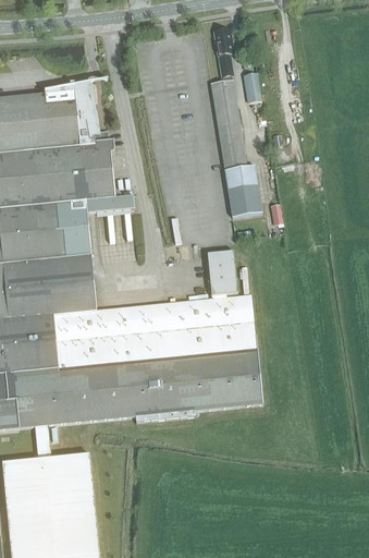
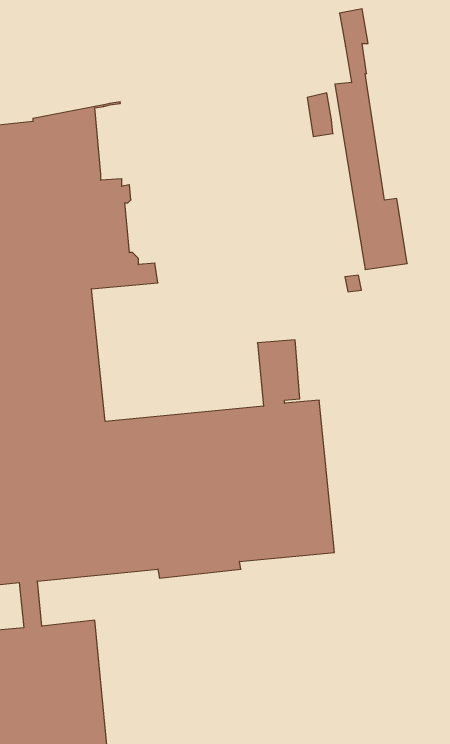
building: [210,27,262,216] -> [335,9,407,269]

